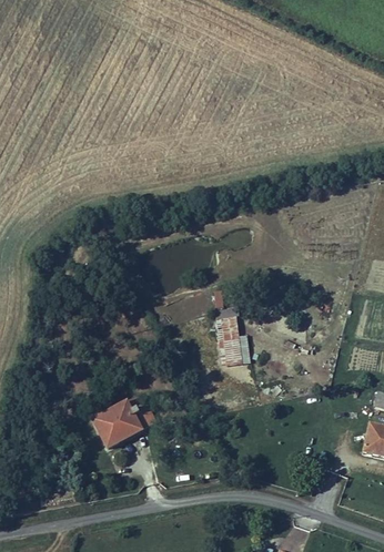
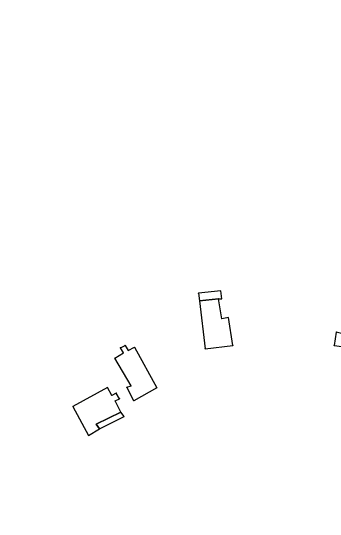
building: none -> [115,345,157,401]

